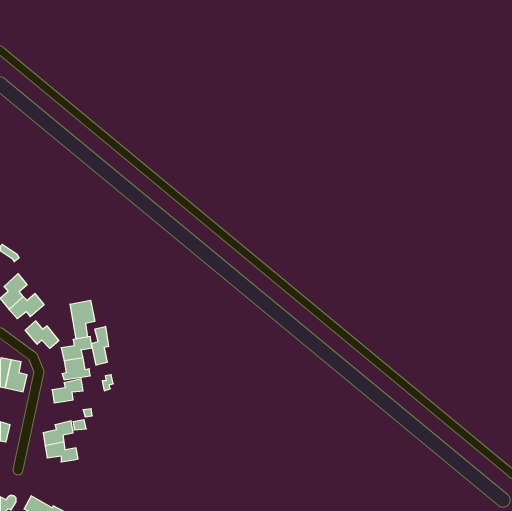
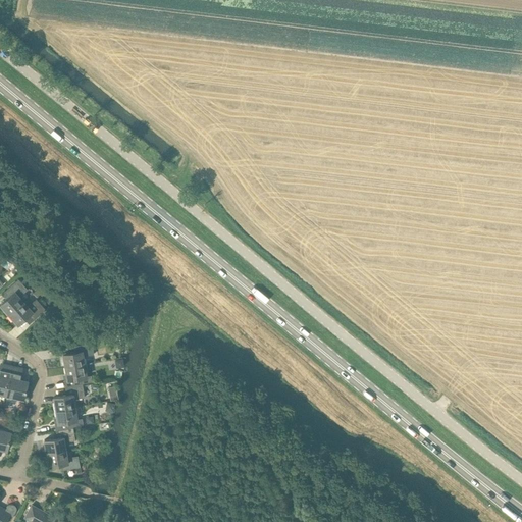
building: [70,300,95,339] -> none
building: [25,321,59,348] -> none
building: [91,326,108,365] -> none
building: none -> [54,408,83,430]

